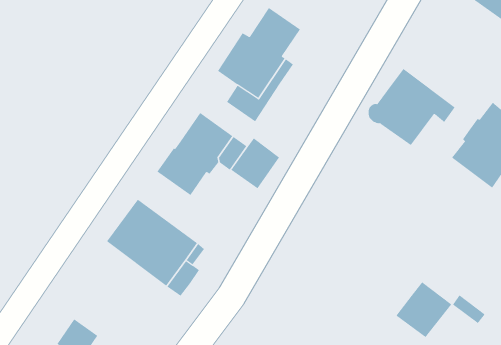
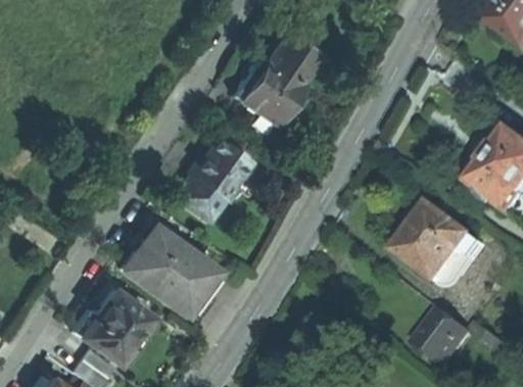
building: [368,68,456,146] -> [396,204,485,283]
building: [231,138,280,189] -> none
building: none -> [72,290,148,362]

